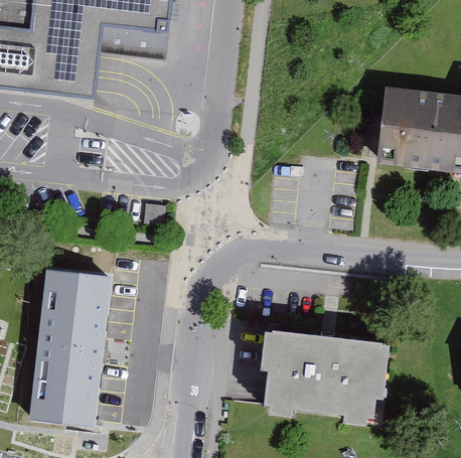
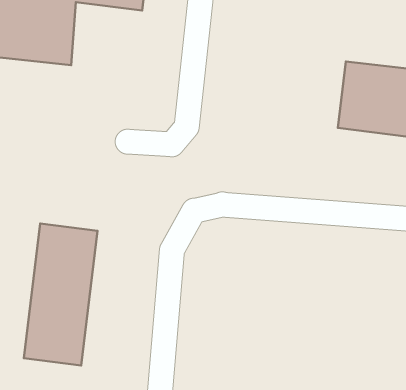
building: [264,329,393,423] -> none

